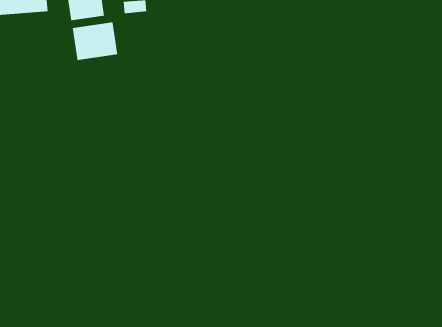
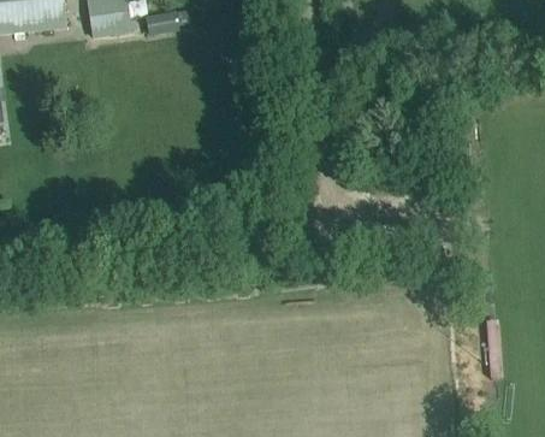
building: [72,22,118,61] -> none

